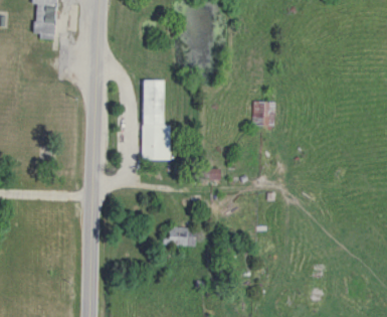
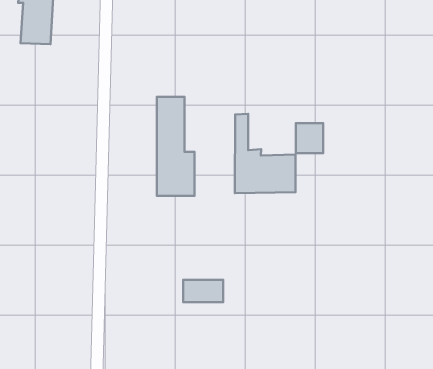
building: none -> [235,114,295,193]

